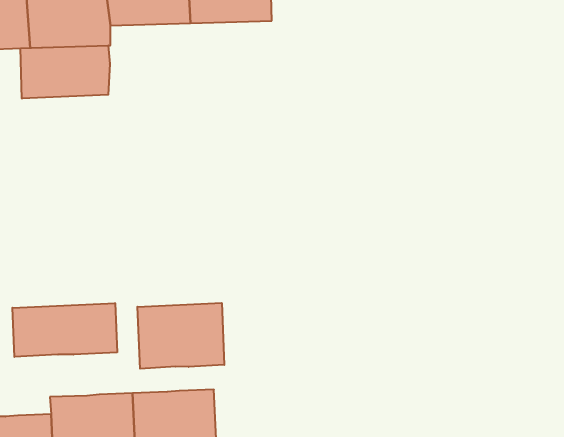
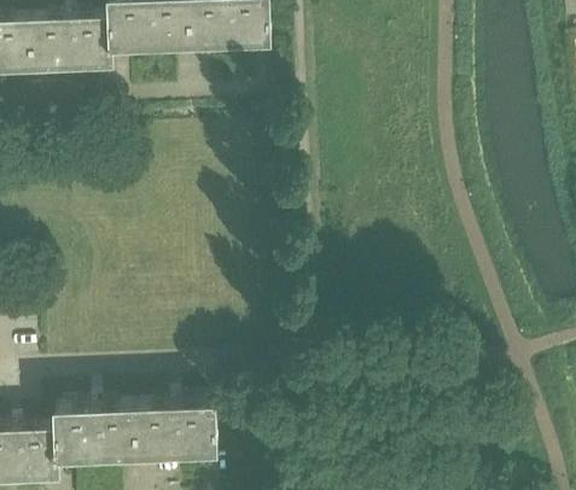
building: [21,45,110,99] -> none
building: [137,303,224,369] -> none
building: [12,303,117,357] -> none

